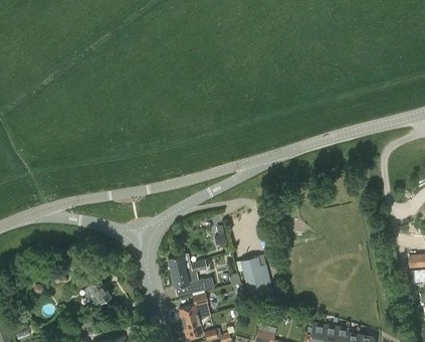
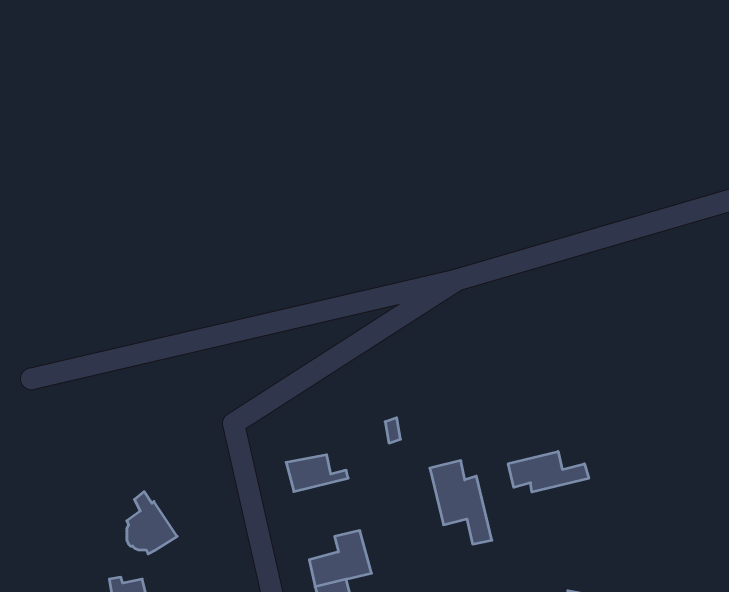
building: none -> [508,451,589,492]
building: [171,261,206,293] -> none

